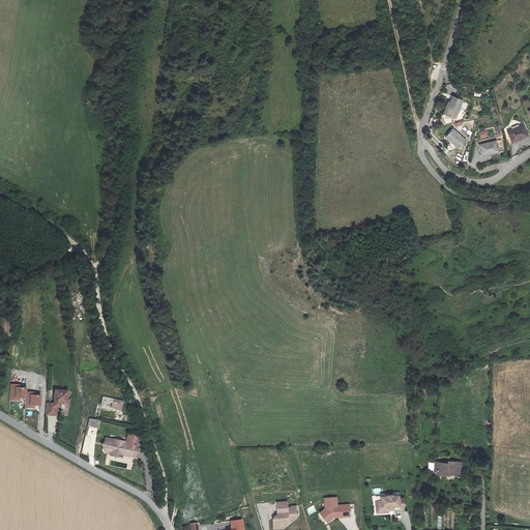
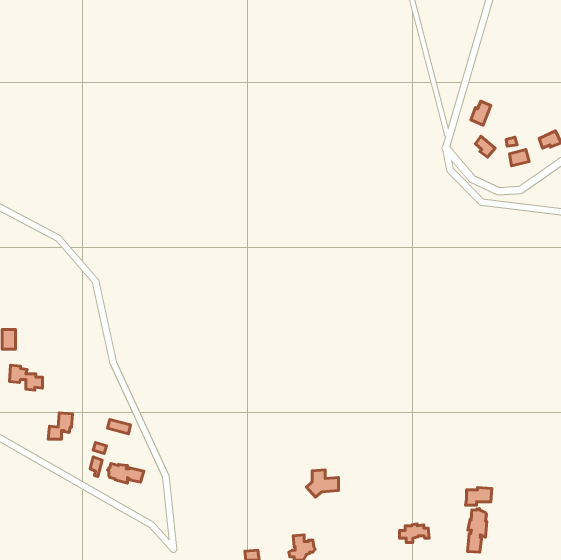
building: [10,383,41,407] -> [9,365,42,390]
building: none -> [467,509,487,552]
building: [320,496,350,522] -> [307,470,338,497]

